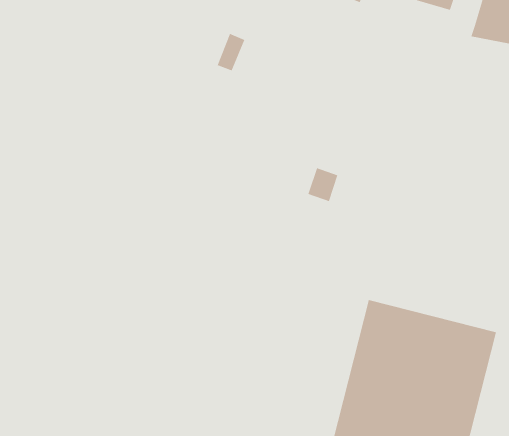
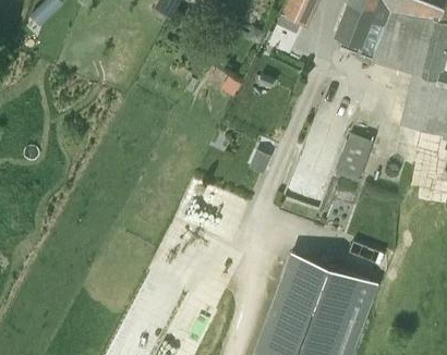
building: none -> [338,130,376,180]

